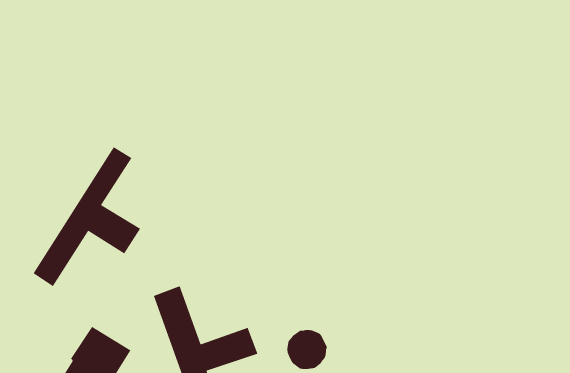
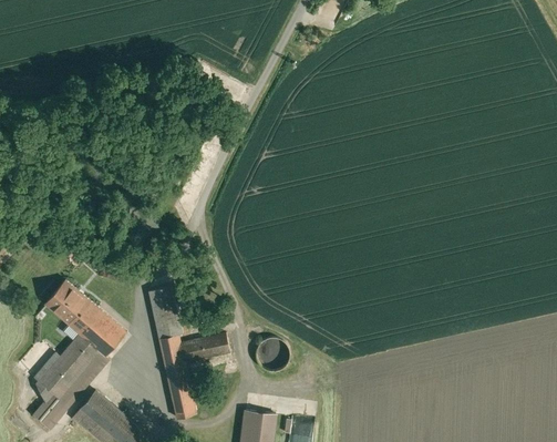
building: [32,146,141,287] -> none
building: none -> [37,281,94,337]

